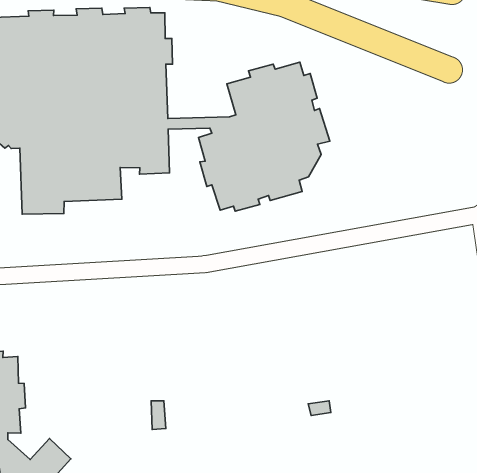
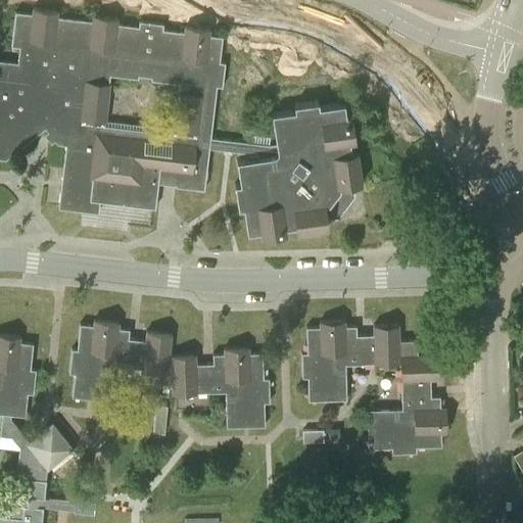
building: none -> [301,323,446,455]
building: none -> [68,322,270,429]

